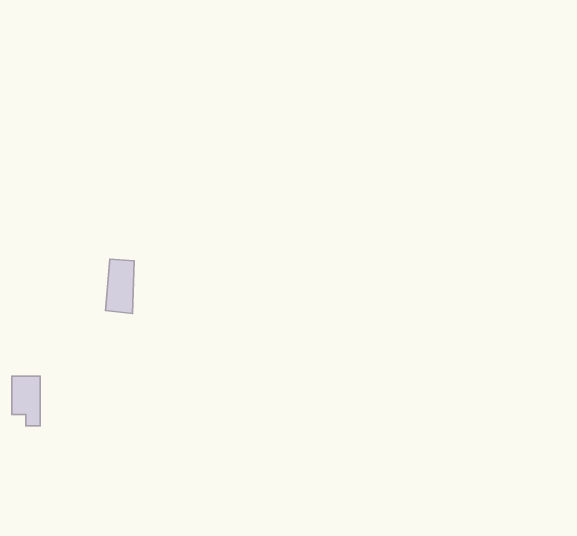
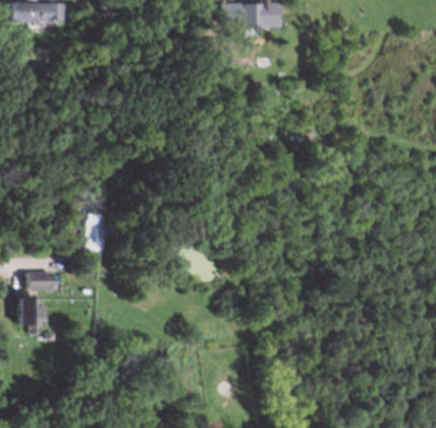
building: none -> [30,273,56,290]

